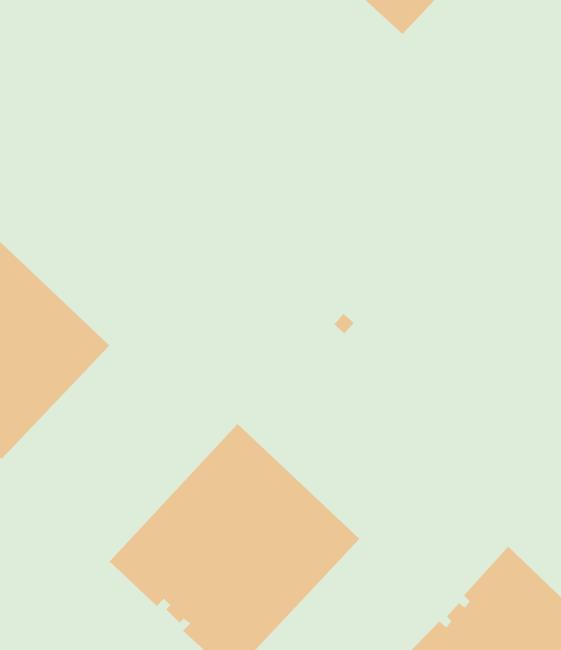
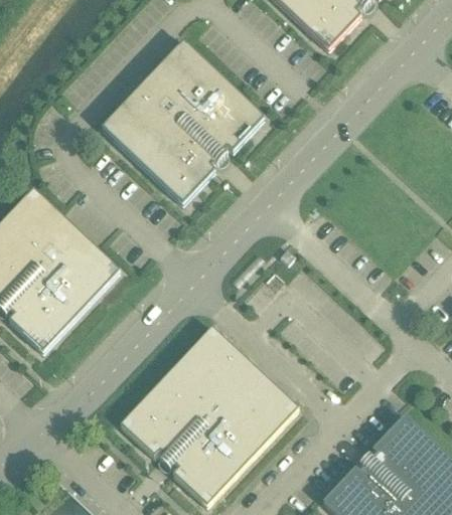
building: none -> [101,40,265,204]

